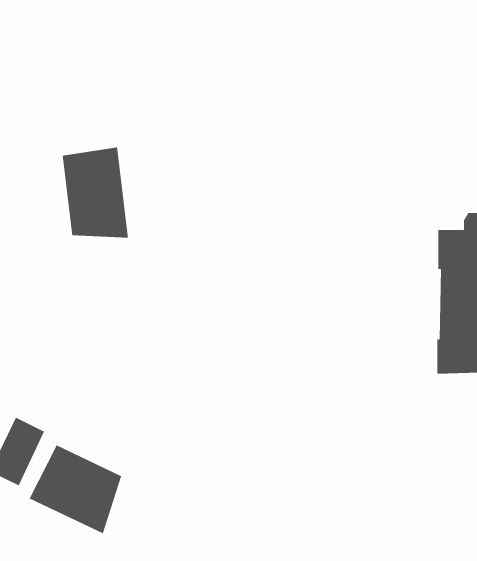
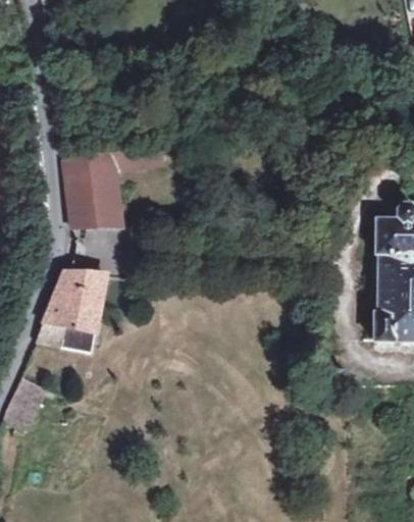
building: none -> [37,272,106,346]
building: [29,444,122,534] -> none

